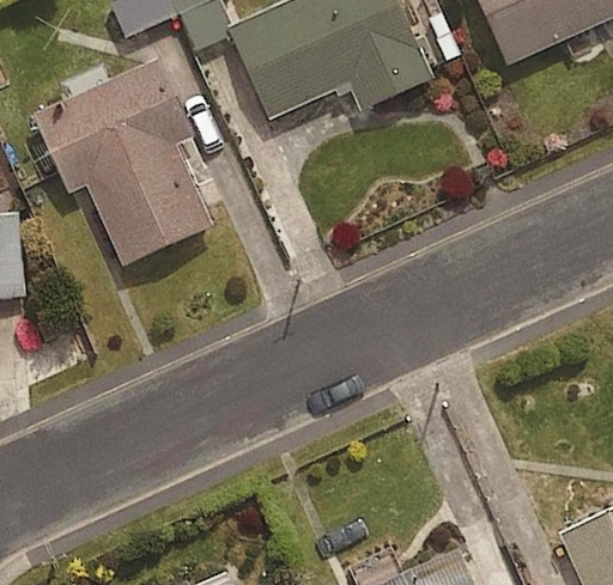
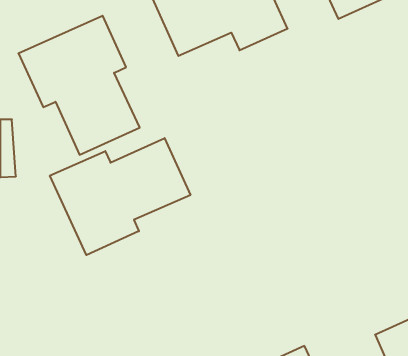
building: none -> [50,138,190,255]

